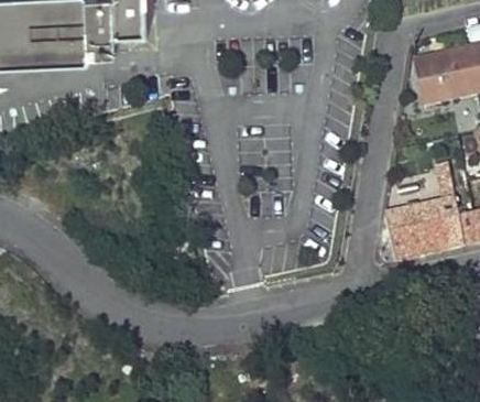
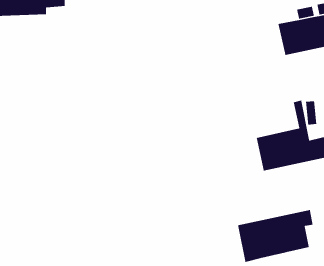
building: none -> [237,209,314,263]

